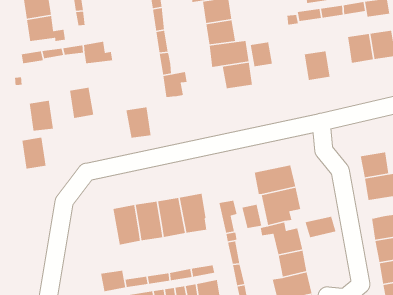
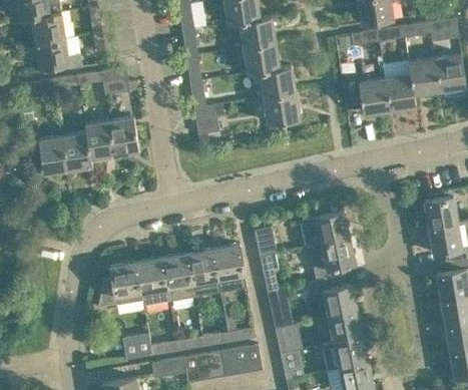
building: [250,42,273,67] -> none
building: none -> [385,75,416,110]
building: [126,106,151,138] -> [109,117,139,154]
building: [21,131,46,170] -> [63,125,92,170]
building: [242,204,262,229] -> [254,227,278,256]
building: none -> [98,263,143,307]
building: [305,216,337,238] -> none

